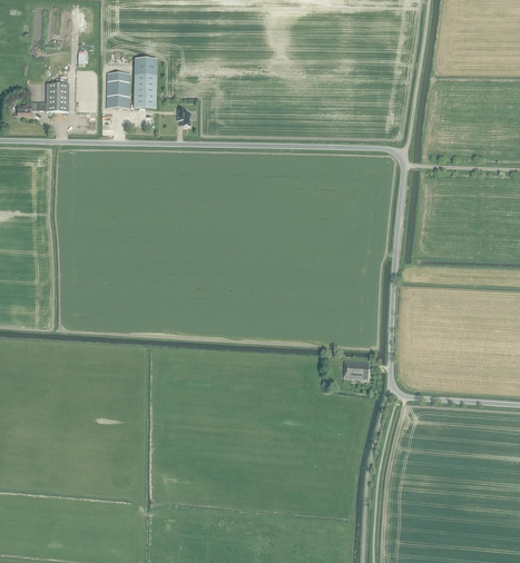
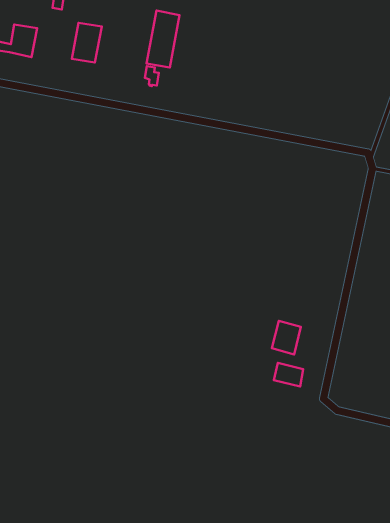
building: [133,57,156,108] -> [147,10,179,67]
building: none -> [272,321,301,354]

